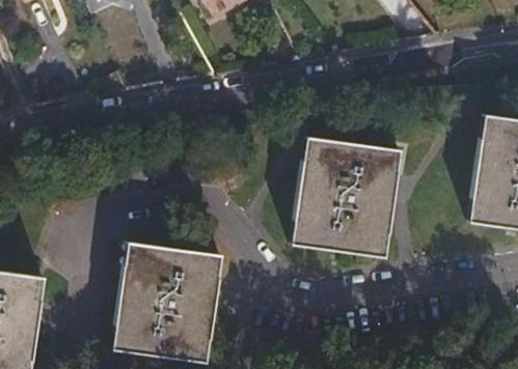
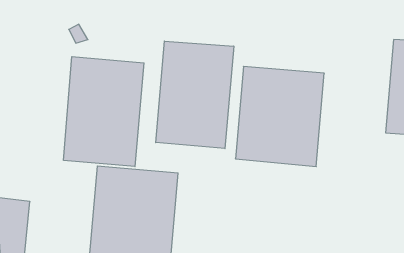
building: none -> [156,41,234,149]
building: none -> [64,57,144,167]

